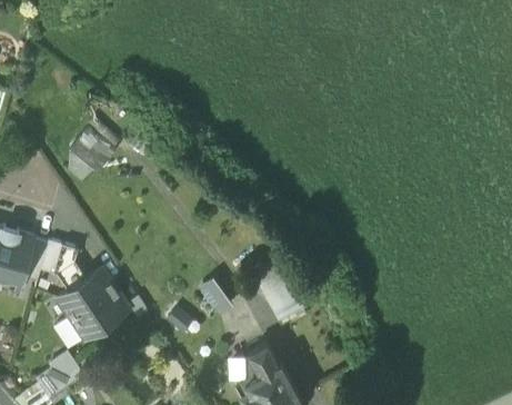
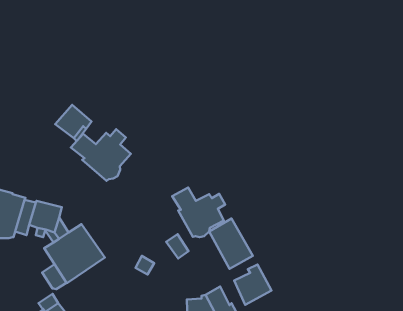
building: none -> [71,129,131,181]
building: none -> [172,188,225,237]
building: none -> [234,265,272,305]

